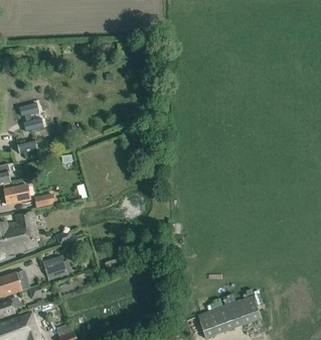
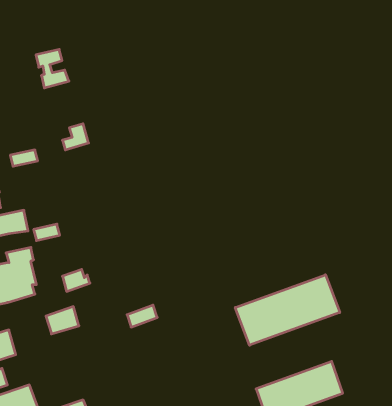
building: [19,102,43,130] -> [36,49,69,88]
building: none -> [235,275,340,345]

